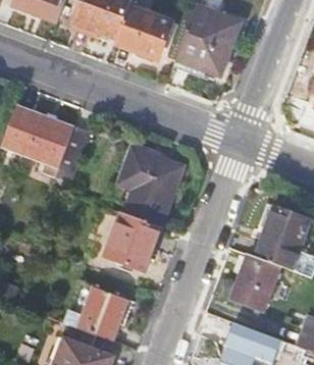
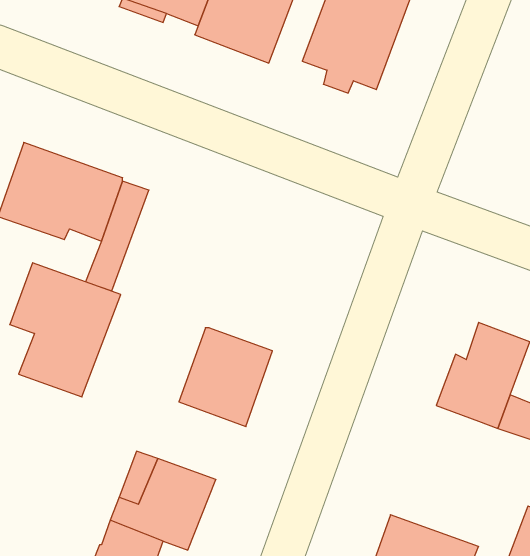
building: [118,147,182,224] -> [10,263,121,397]
building: [232,254,279,309] -> none

